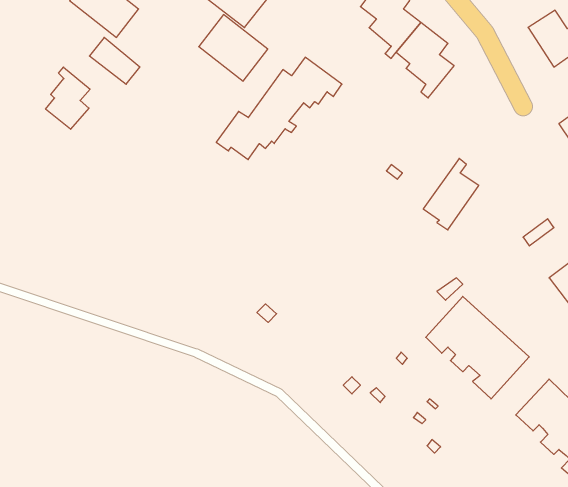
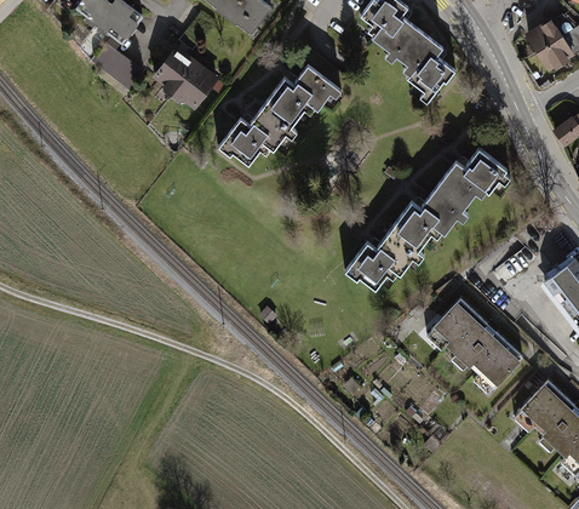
building: [199,15,268,81] -> [151,42,219,108]
building: [46,67,90,129] -> none
building: none -> [458,149,506,196]
building: none -> [345,204,437,290]

